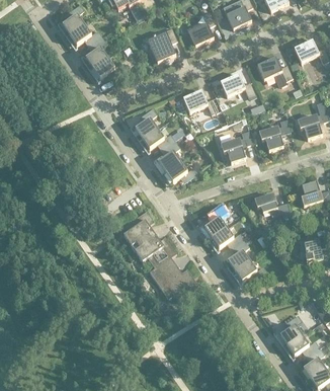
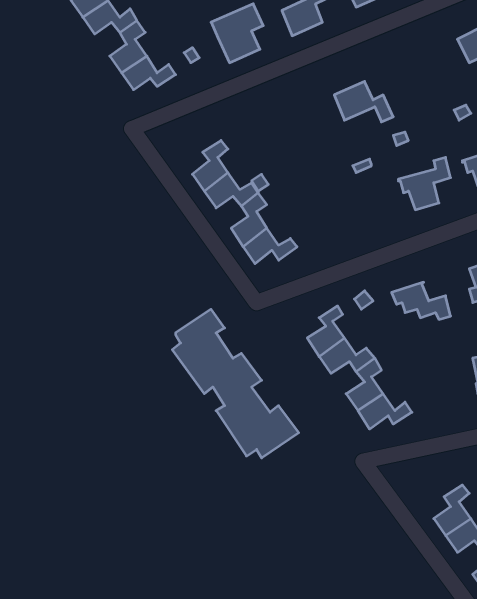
building: [256,55,293,82] -> none
building: [182,88,218,112] -> none
building: [220,129,252,161] -> none

